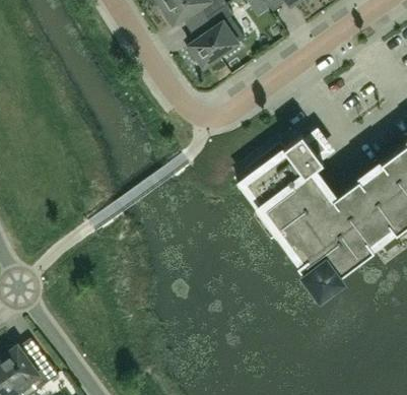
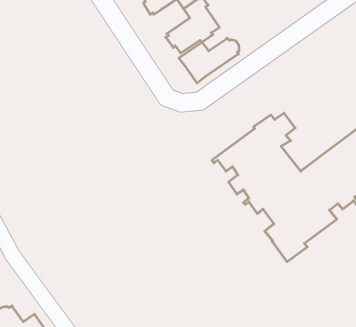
building: none -> [179,38,239,83]

